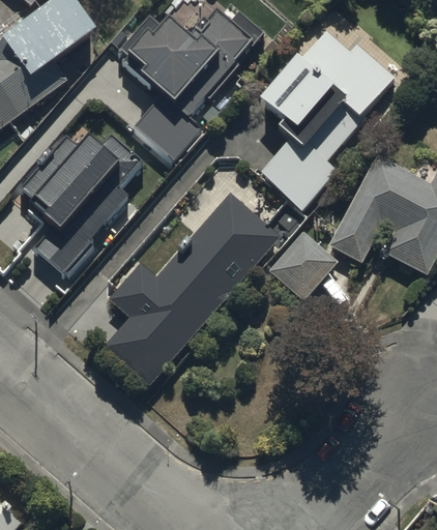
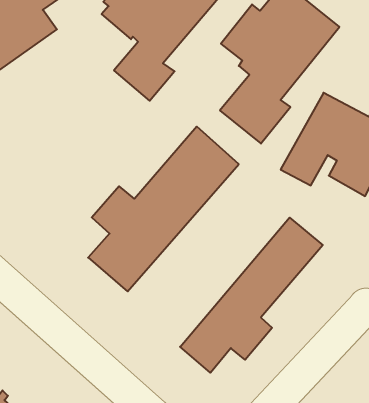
building: [23,132,147,277] -> none
building: [268,231,339,301] -> none
building: none -> [180,218,323,373]

